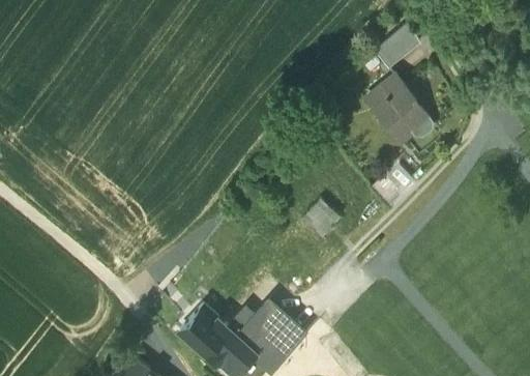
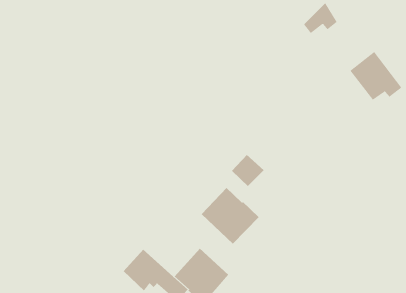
building: [367,79,426,134] -> [349,51,402,100]
building: none -> [201,187,260,245]

